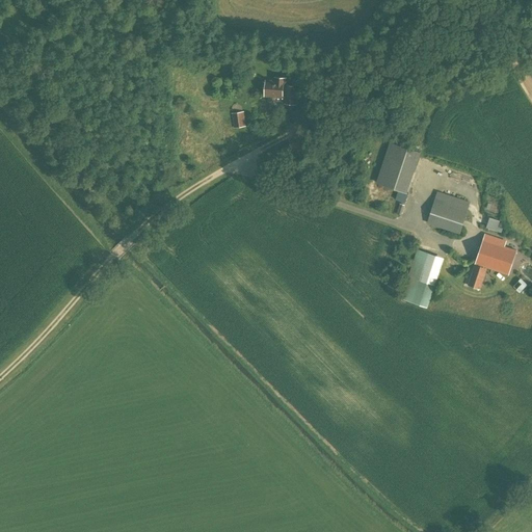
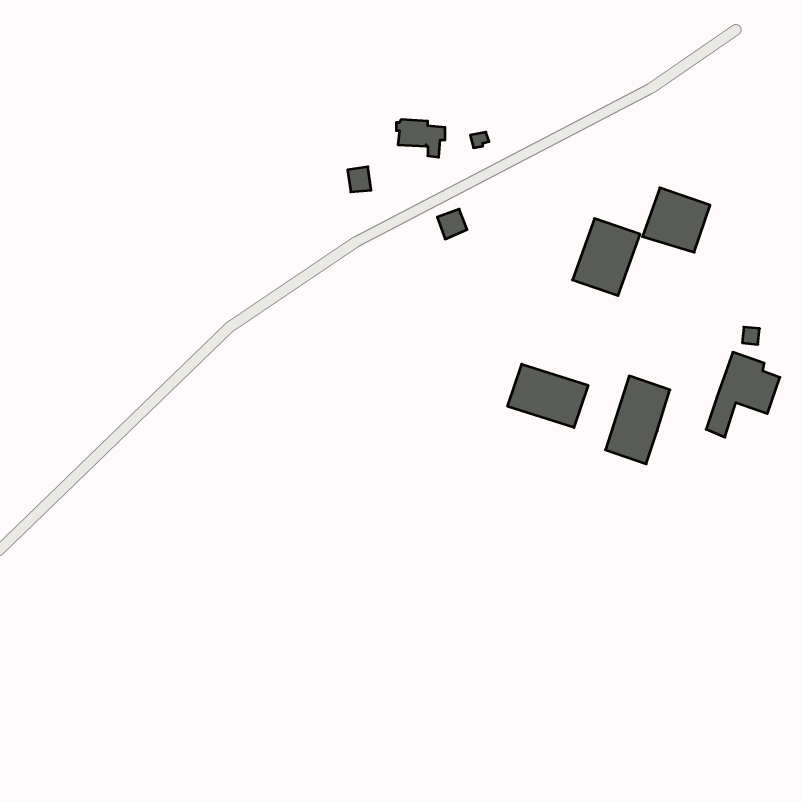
building: [425,190,470,233] -> [642,188,710,252]
building: none -> [508,364,588,428]

